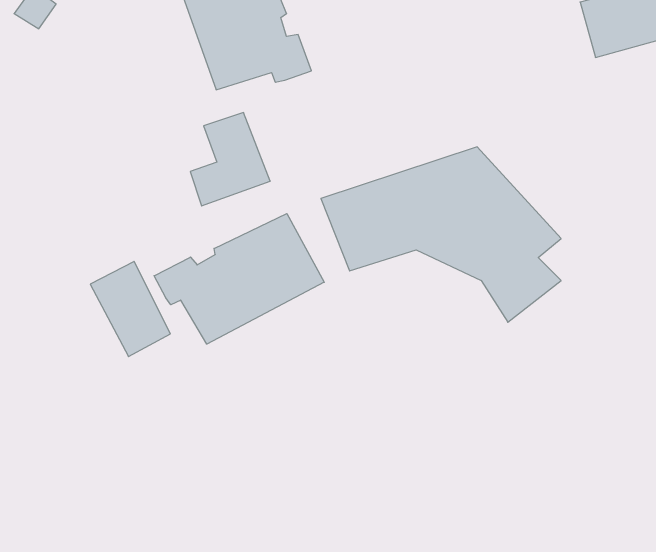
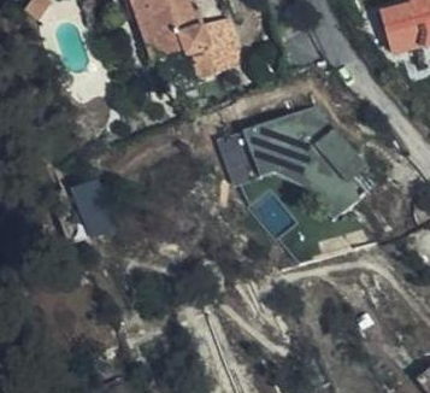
building: [190,113,270,206] -> [194,23,245,82]
building: [154,214,324,344] -> none

